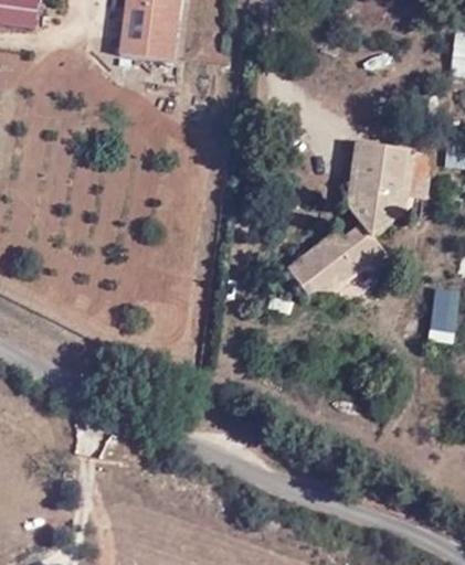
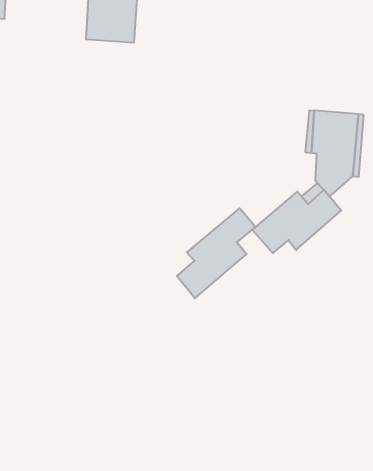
building: none -> [177,208,256,298]

